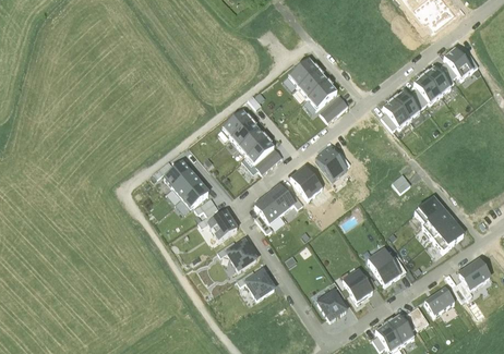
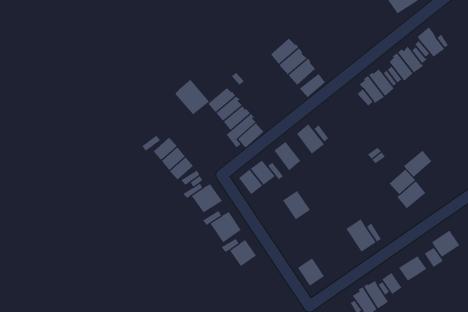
building: none -> [174,79,210,115]
building: [433,220,464,249] -> [403,150,432,178]
building: [343,268,373,300] -> [282,190,311,220]

